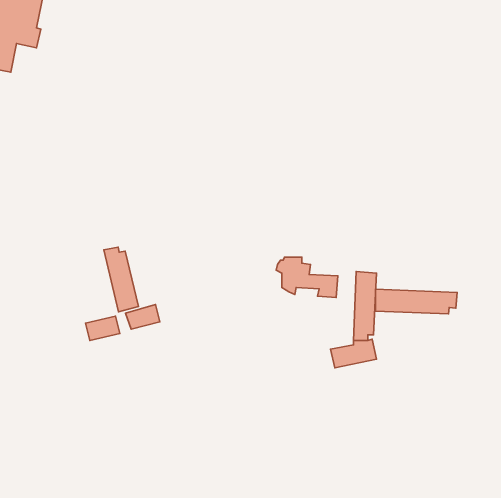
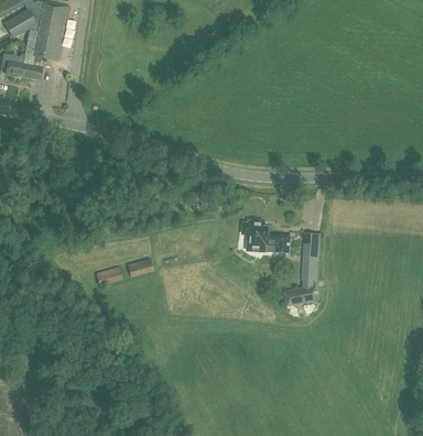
building: [104,247,139,312] -> none
building: [375,289,457,314] -> none

